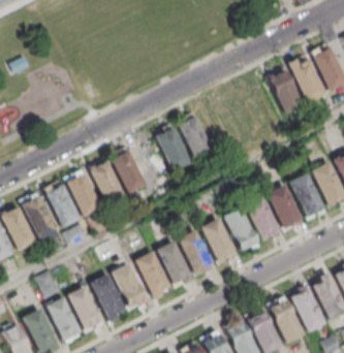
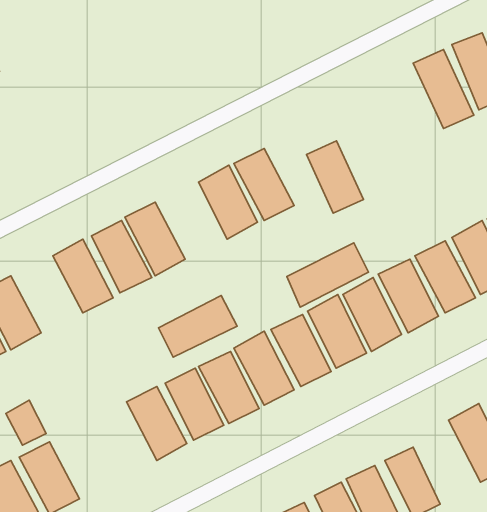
building: [268,69,303,114] -> [306,141,363,213]
building: none -> [287,243,369,307]
building: [45,183,82,228] -> none
building: none -> [159,296,237,357]
building: [90,274,127,318] -> none
building: [67,285,103,330] -> none
building: [291,288,326,331] -> none

